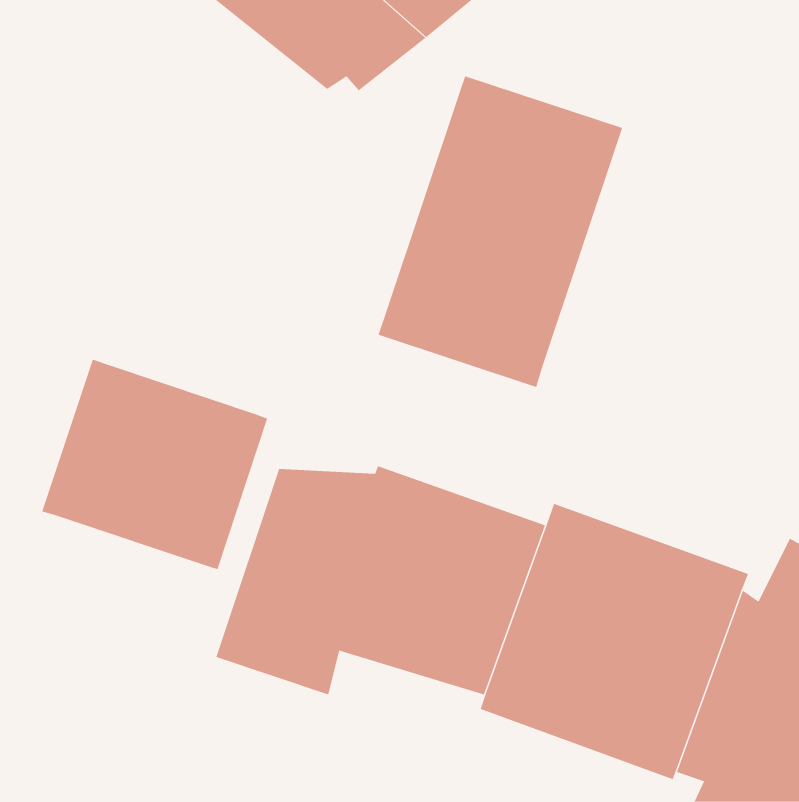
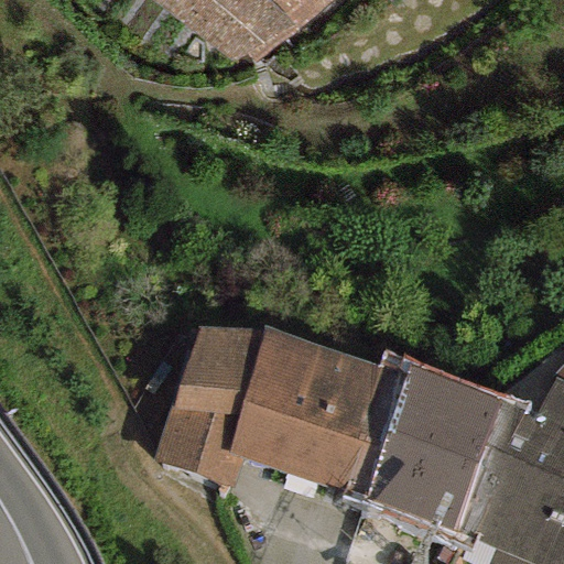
building: [378,76,623,388] -> none
building: [41,359,268,570] -> none

